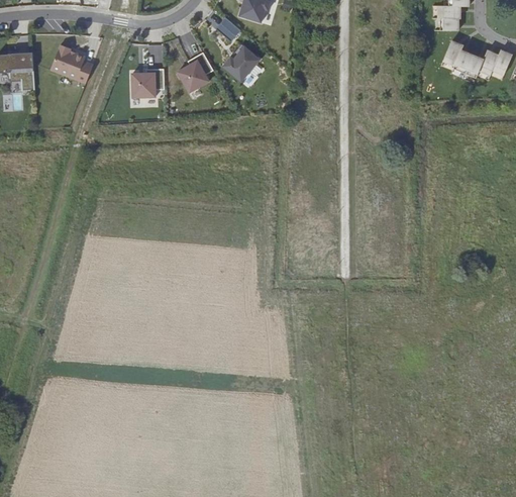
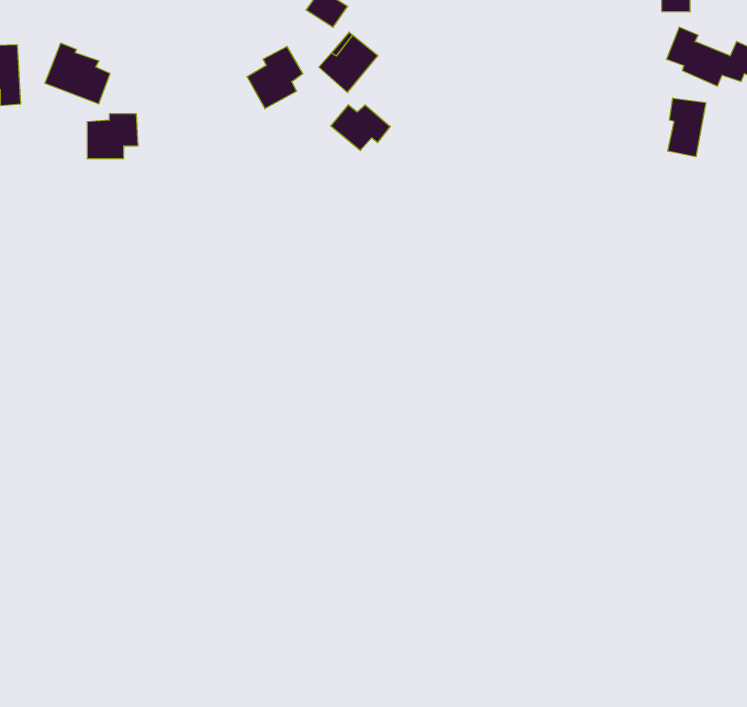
building: [132,69,165,97] -> [87,114,138,159]
building: none -> [668,98,706,157]
building: none -> [331,105,390,151]

